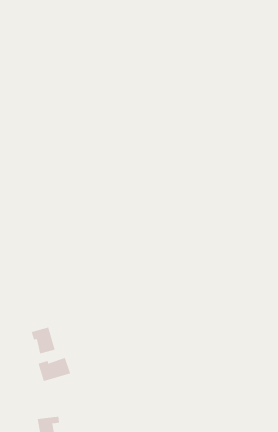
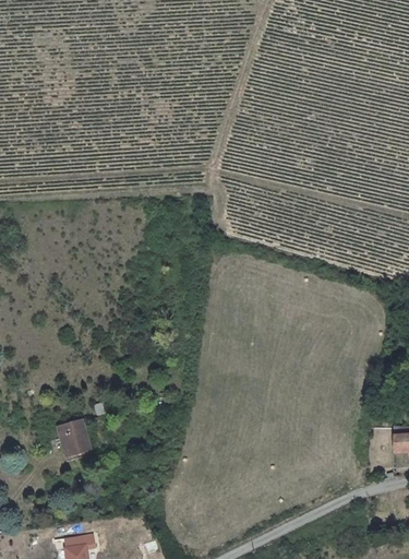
building: [38,357,71,382] -> none

